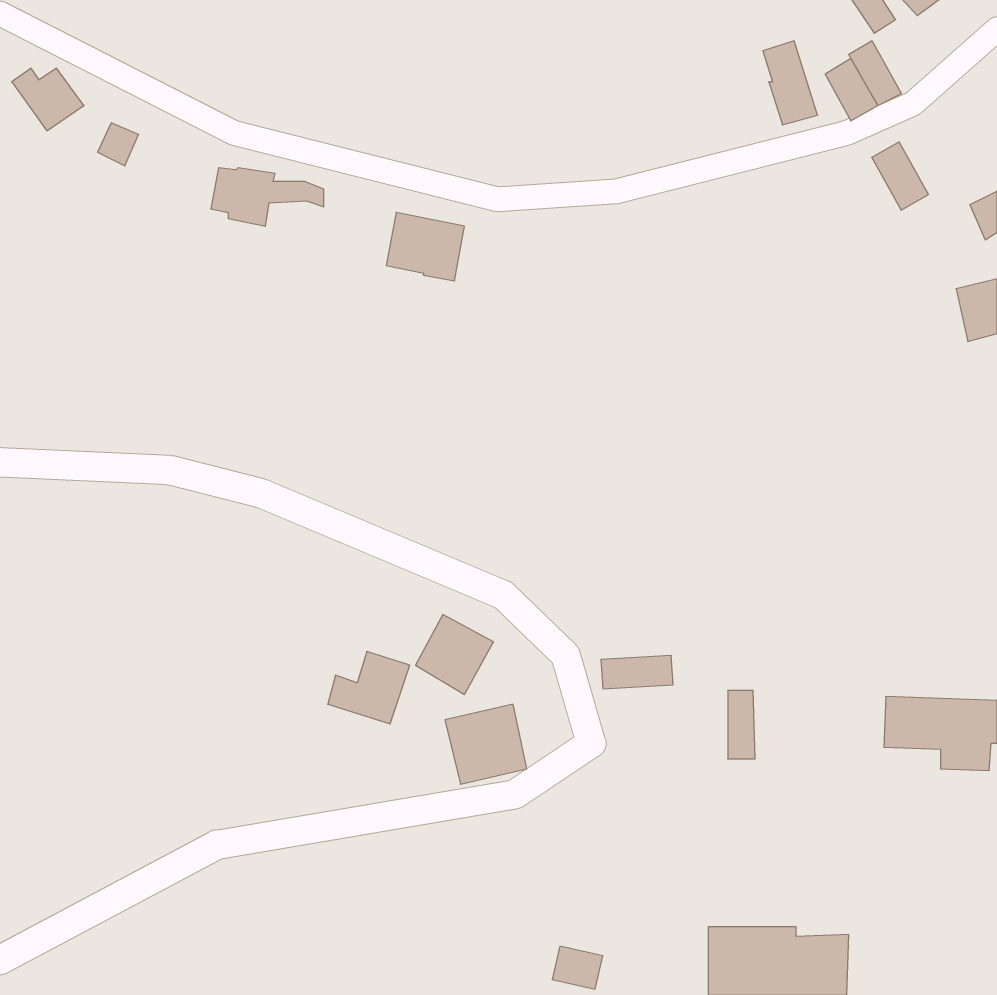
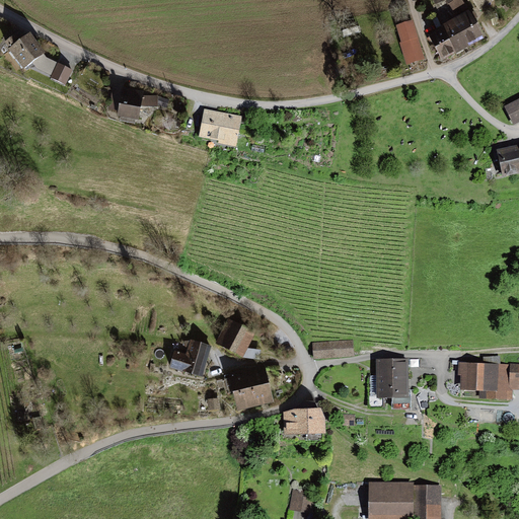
building: [872,142,928,210] -> [453,13,483,49]
building: none -> [391,358,407,406]
building: none -> [284,407,325,433]

